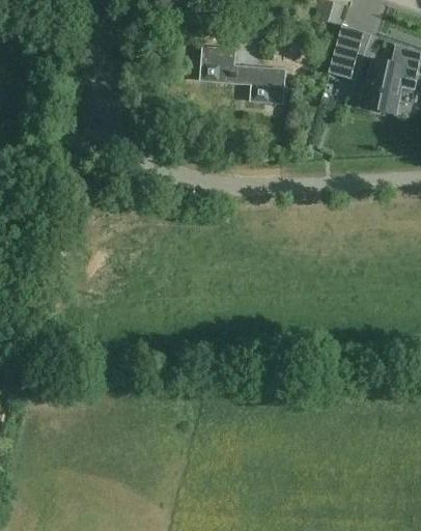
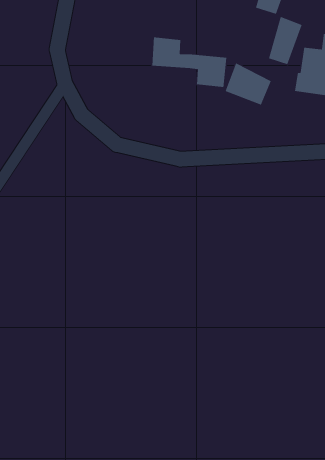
building: none -> [225,63,271,106]

